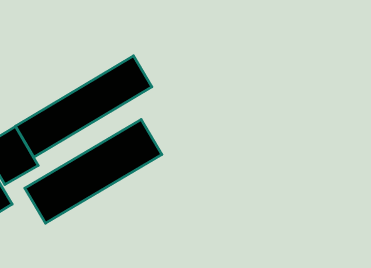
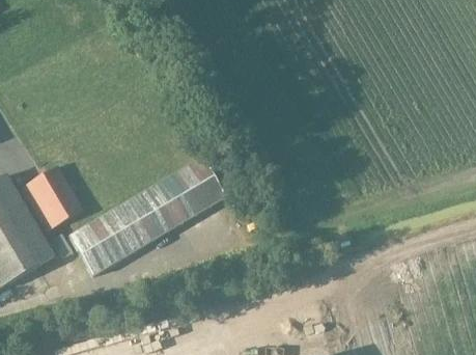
building: [15,56,152,157] -> none

